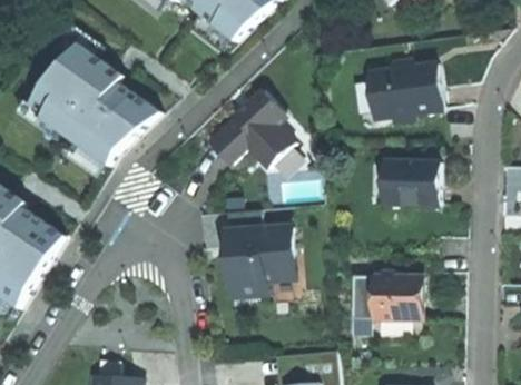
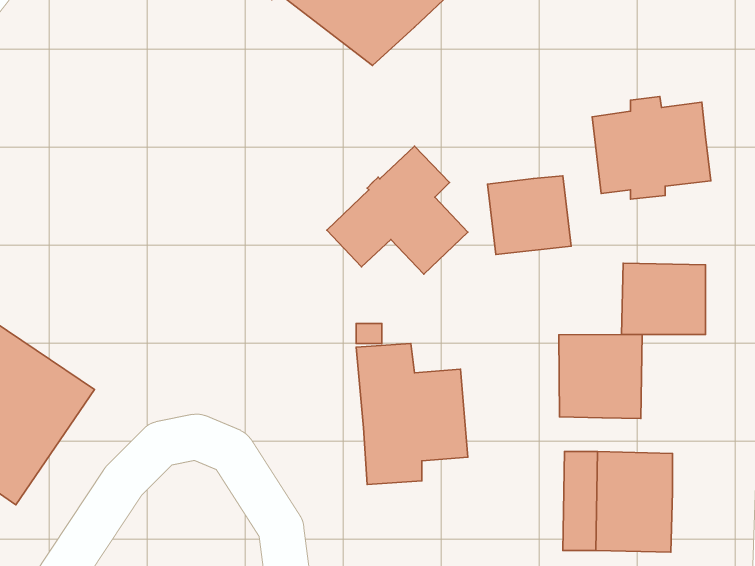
building: [28,43,158,165] -> none
building: none -> [487,176,571,255]
building: none -> [559,335,642,418]

